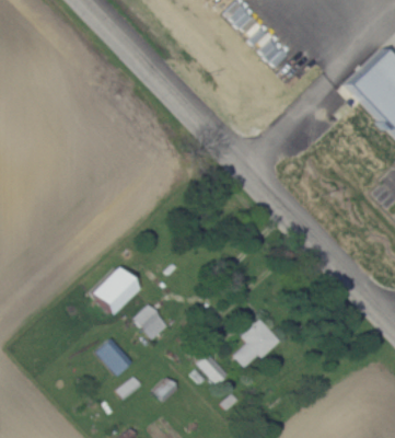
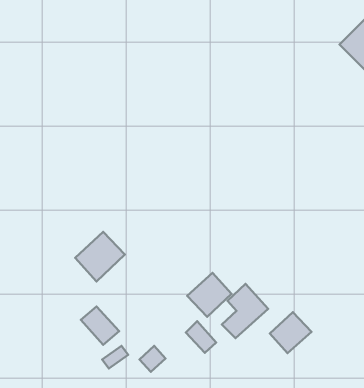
building: [135,306,170,341] -> none
building: none -> [187,273,232,317]
building: none -> [270,312,312,353]

